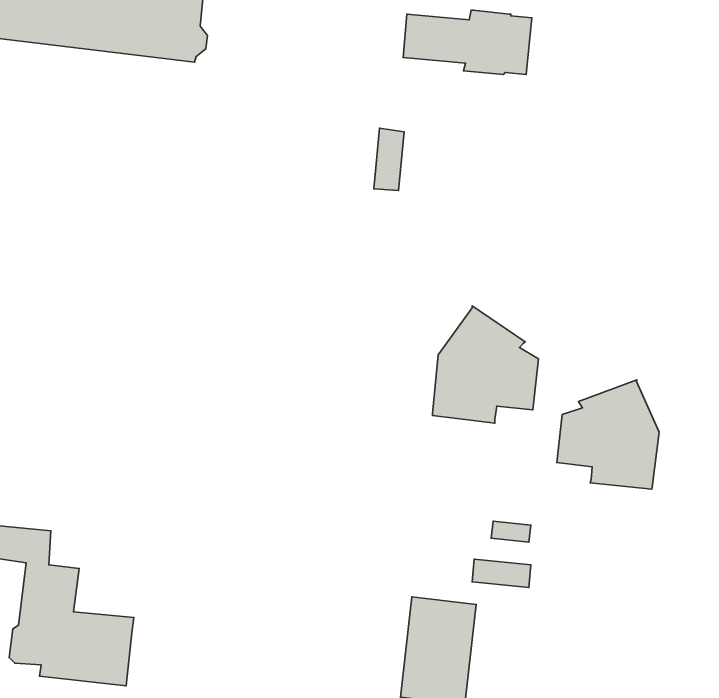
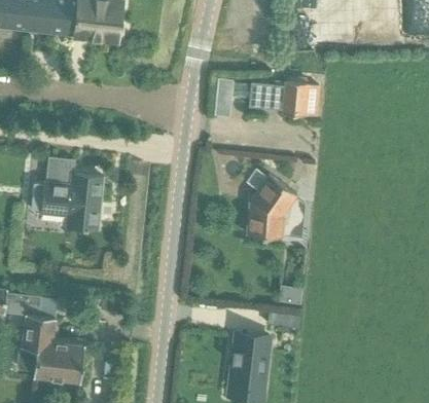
building: [403,10,532,74] -> [249,81,319,116]
building: none -> [31,158,103,230]
building: [557,380,659,489] -> none

